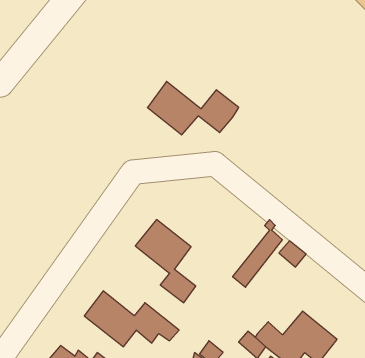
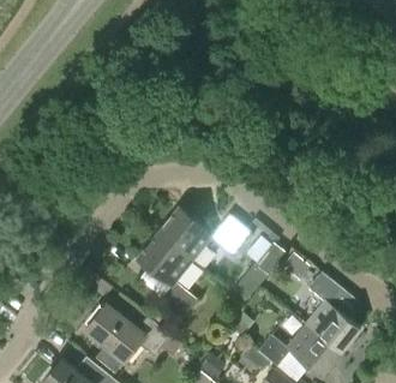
building: [147,81,239,135] -> [158,205,251,259]
building: none -> [306,273,361,353]

